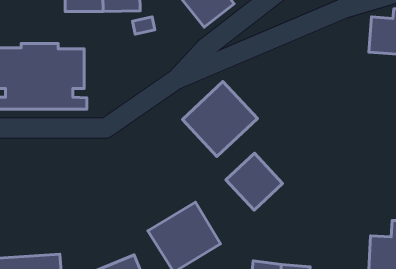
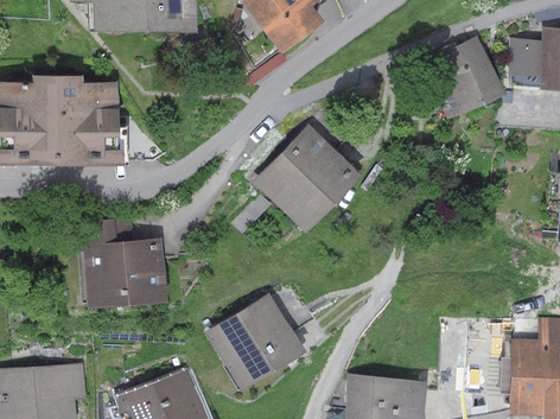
building: none -> [437,37,504,120]
building: none -> [74,218,168,307]
building: [226,153,283,210] -> none

